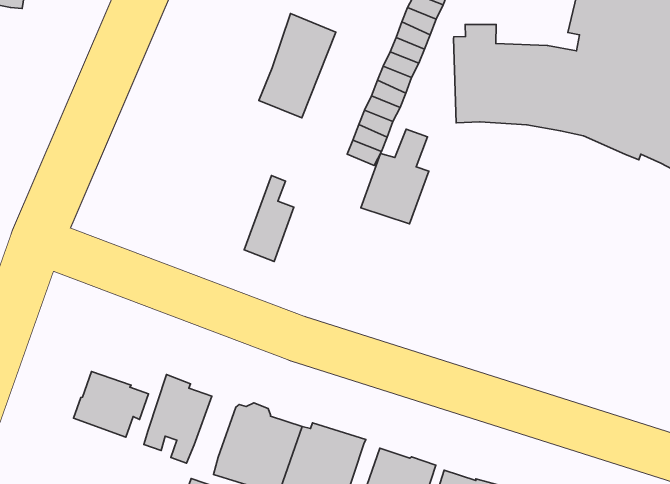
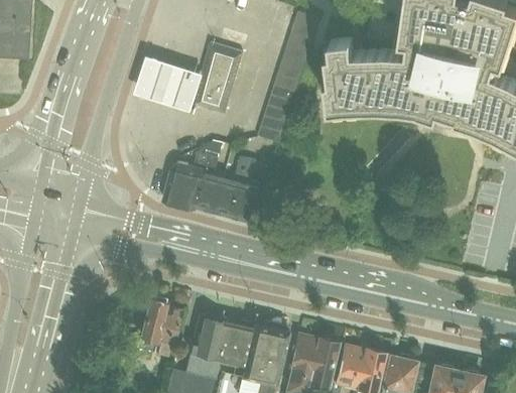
building: none -> [135,64,203,119]
building: [361,129,429,224] -> [216,158,260,223]
building: none -> [163,154,209,209]
building: [74,372,149,437] -> none

